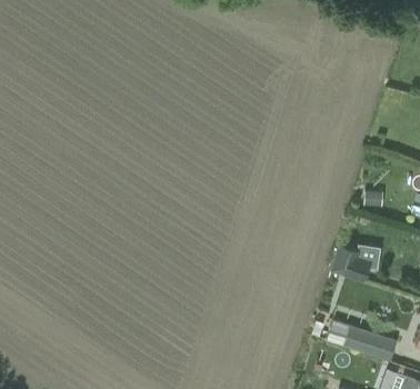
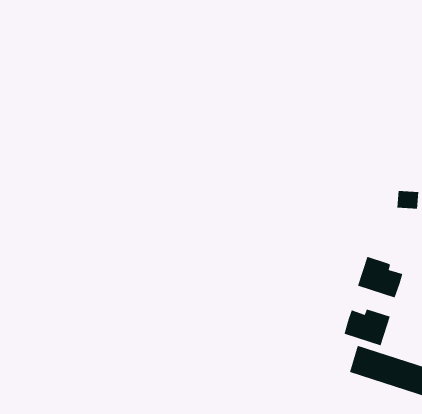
building: none -> [344,309,390,346]

